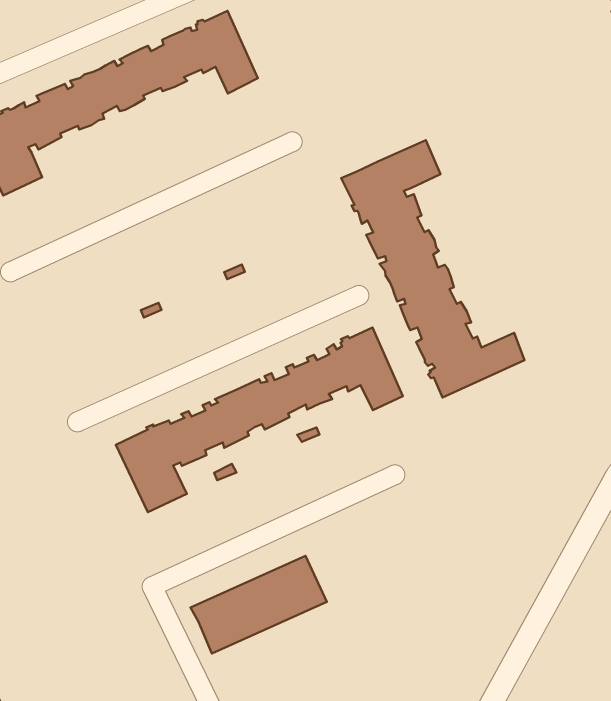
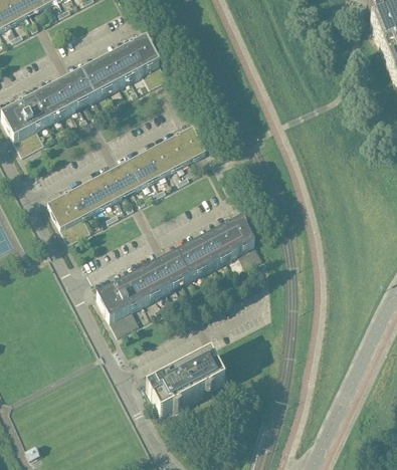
building: [341,140,524,398] -> none
building: none -> [48,125,207,240]

